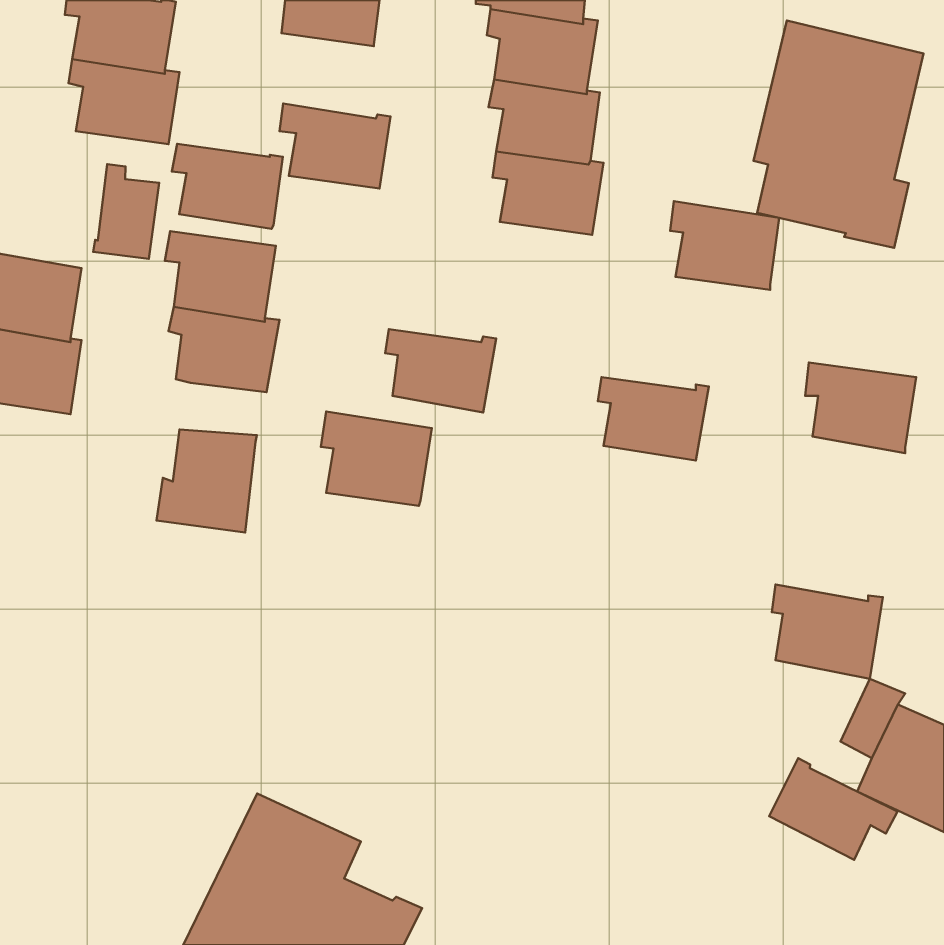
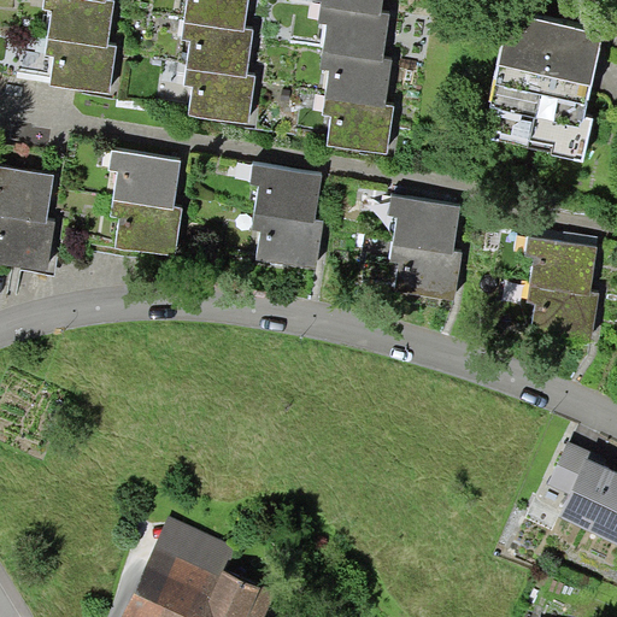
building: [172,144,283,229] -> [180,22,252,77]
building: [93,164,159,259] -> none
building: [670,201,779,290] -> [388,196,459,254]
building: [321,412,432,506] -> [249,161,322,223]
building: [157,430,257,532] -> none
building: [772,584,883,679] -> [527,284,599,346]
building: [769,758,898,860] -> none

